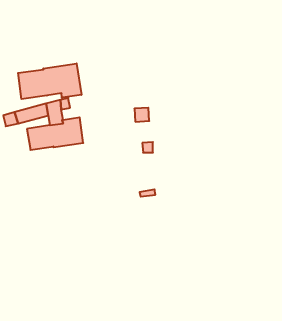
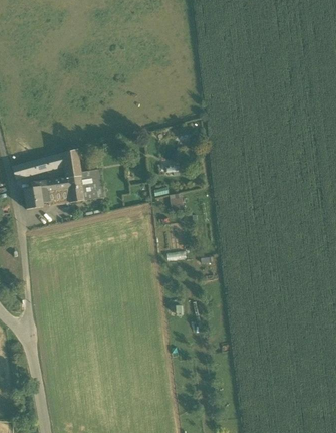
building: [18,63,81,99] -> none
building: none -> [22,181,42,208]

